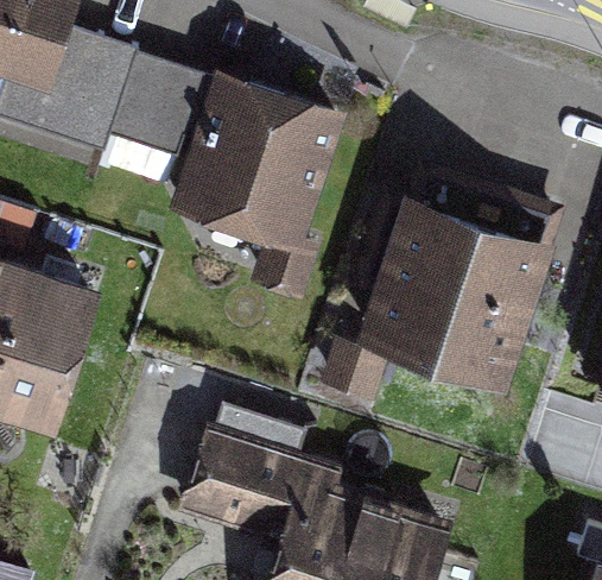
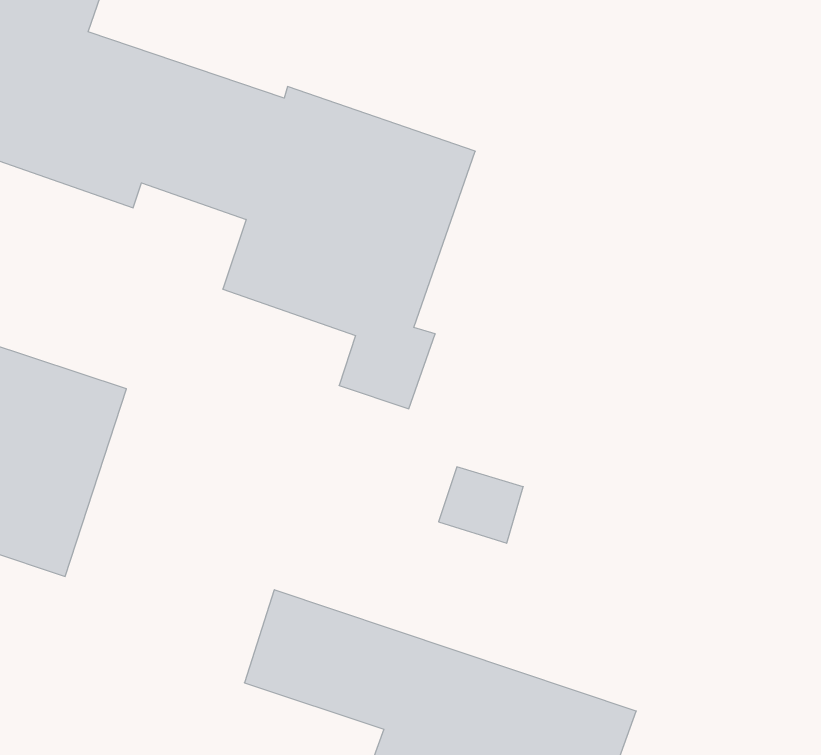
building: [362,188,552,377] -> none

